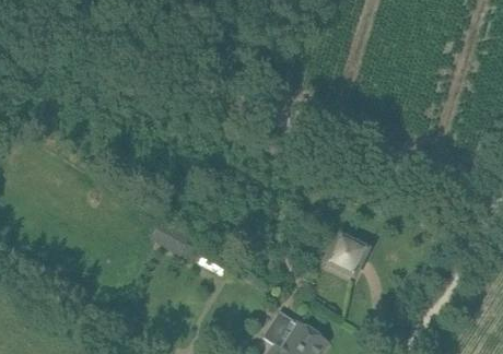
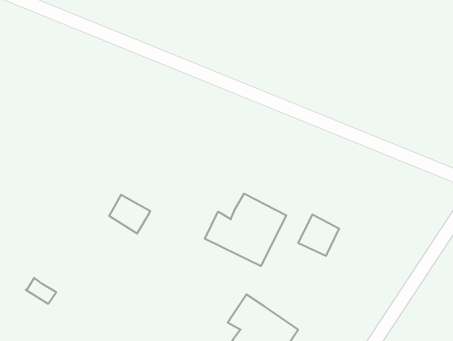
building: none -> [205,194,286,266]

